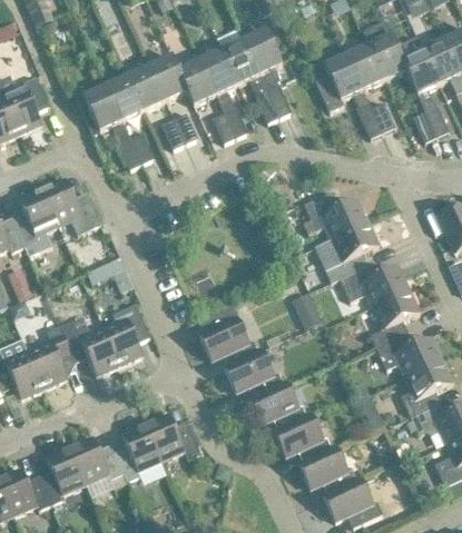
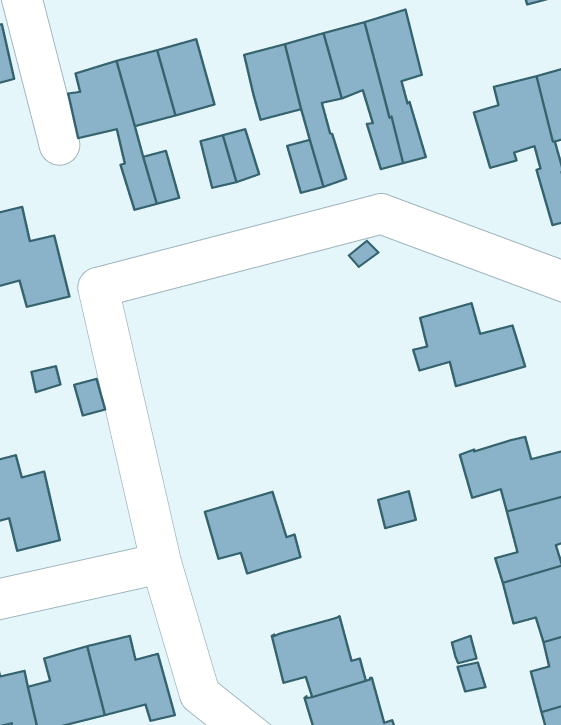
building: [149,56,187,101] -> none
building: [314,221,379,282] -> none
building: [104,304,150,365] -> none
building: [224,349,283,397] -> none

